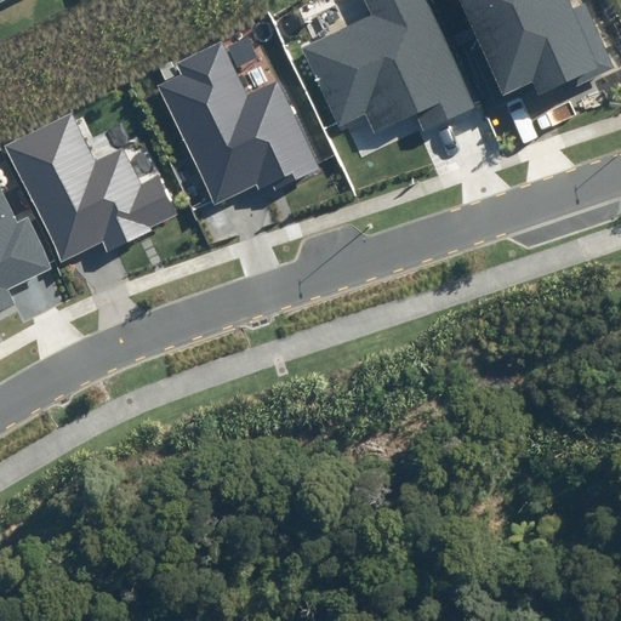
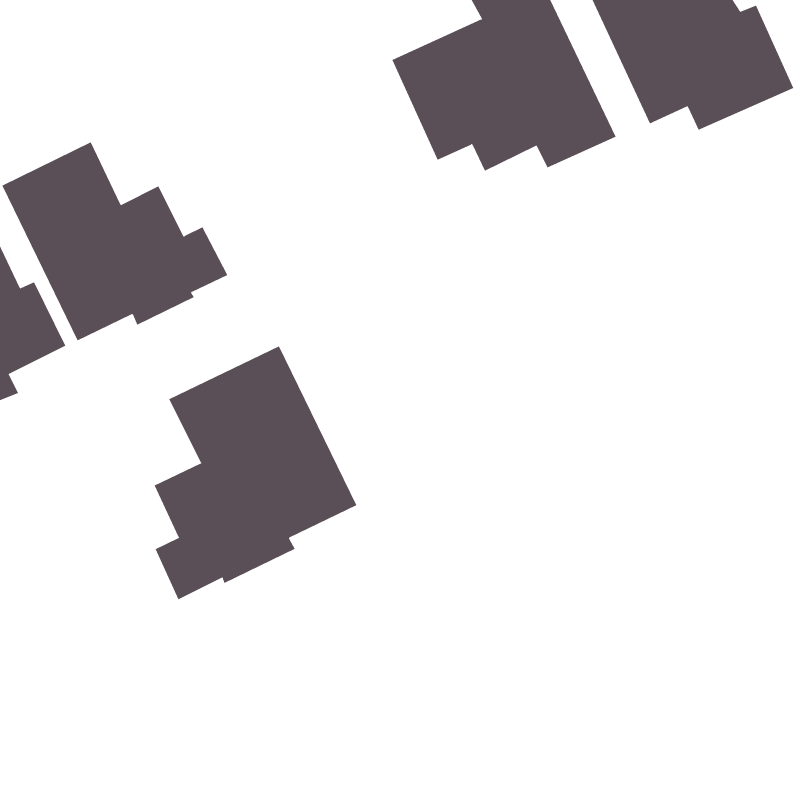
building: [156,40,319,203] -> none
building: none -> [154,346,357,600]

